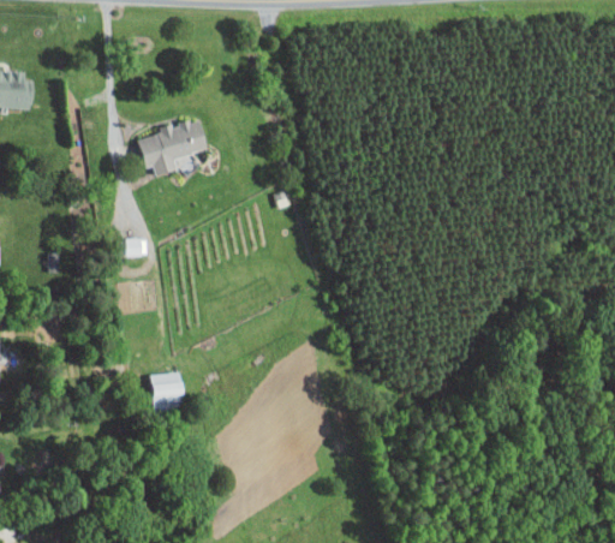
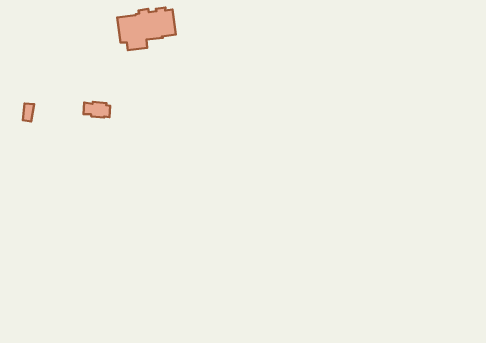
building: [150,372,183,414] -> none

